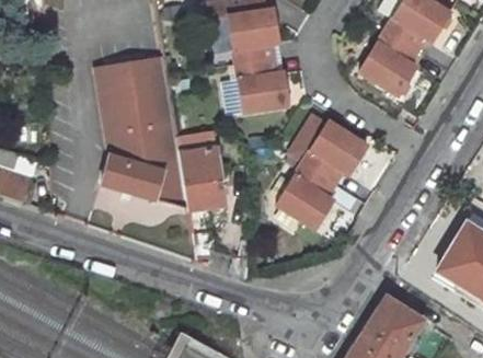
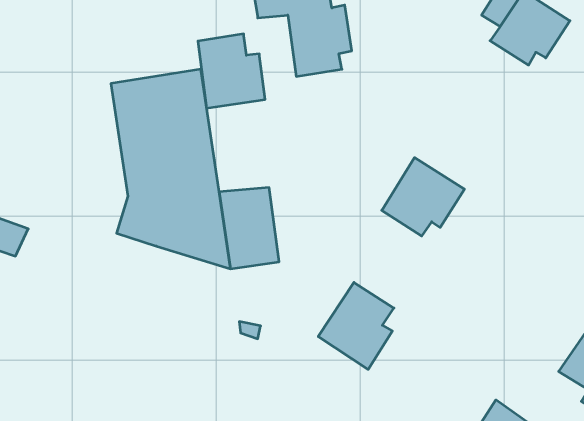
building: [356,32,414,97] -> none
building: [235,54,287,111] -> [198,34,265,108]
building: [274,162,332,229] -> [318,282,394,369]

